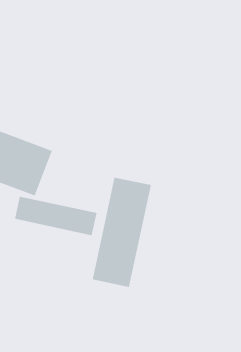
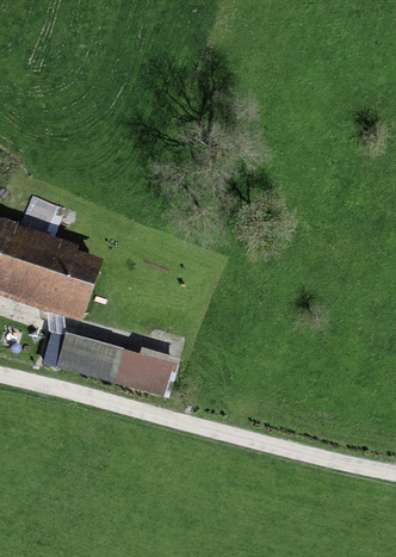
building: [92,177,152,288] -> none

